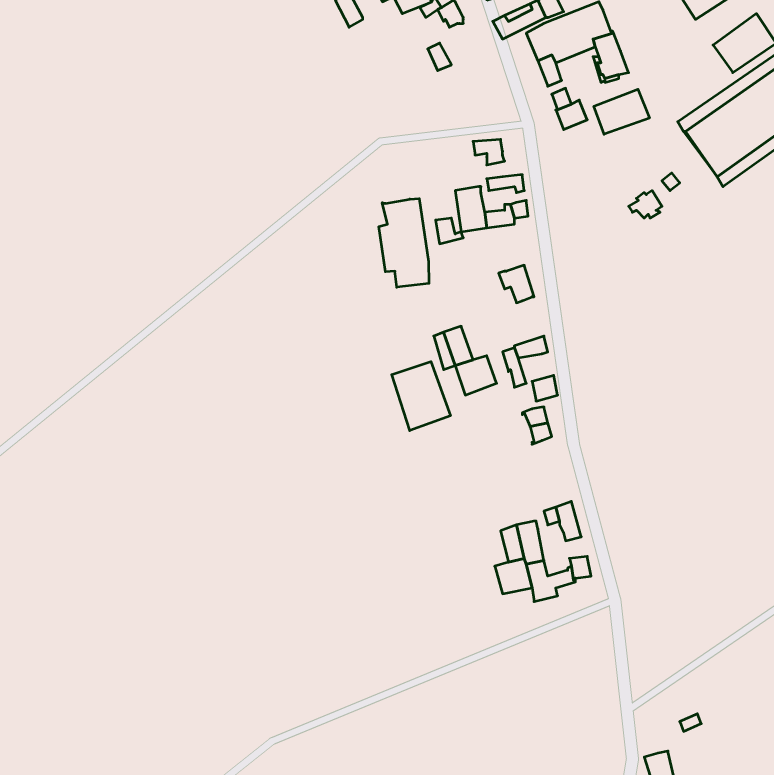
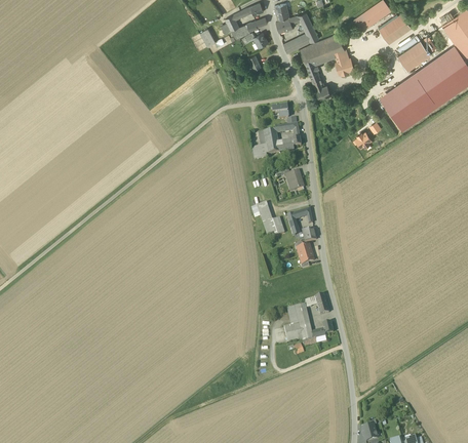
building: [594,89,649,134] -> none
building: [379,199,429,287] -> none
building: [392,362,450,431] -> none

